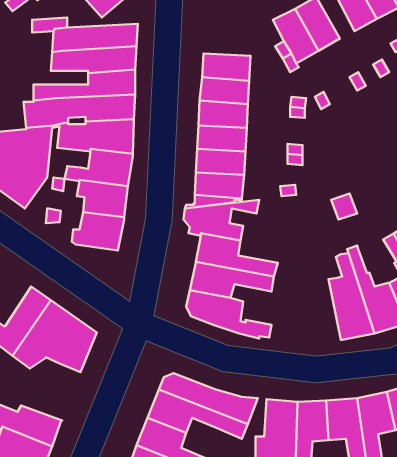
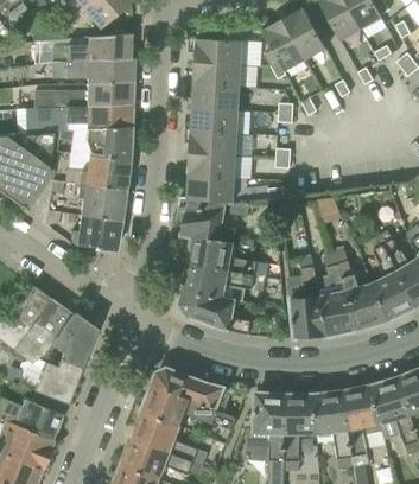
building: none -> [197,38,245,64]
building: none -> [290,254,329,337]
building: none -> [18,352,80,402]

